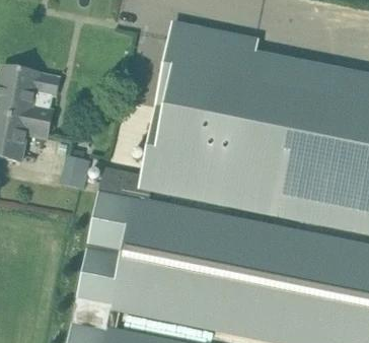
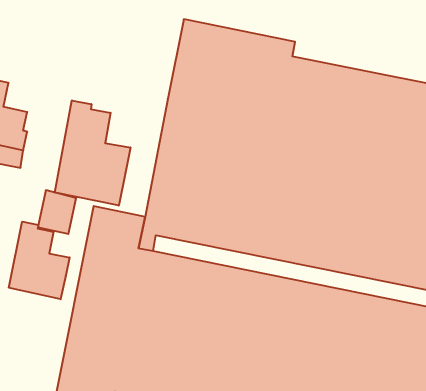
building: none -> [55,100,130,206]
building: none -> [9,222,70,299]

